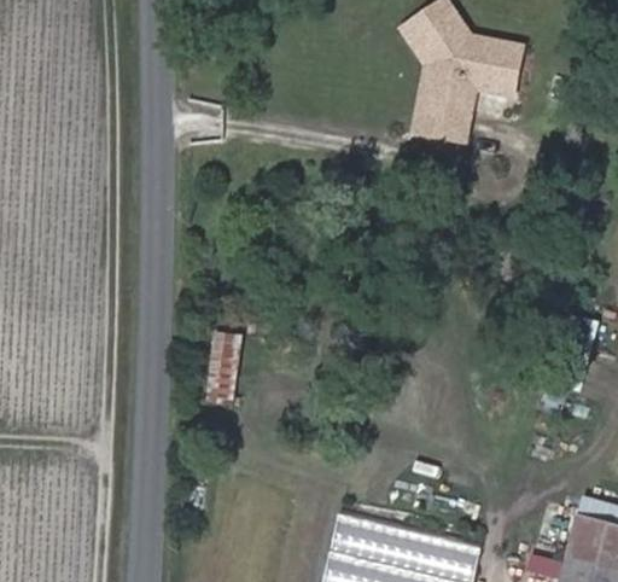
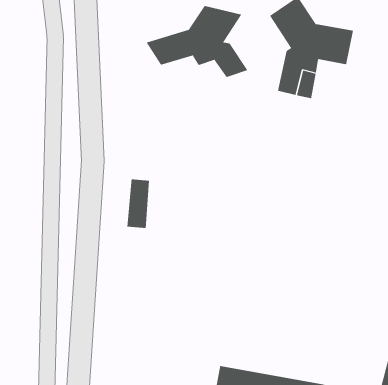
building: none -> [146,5,248,78]
building: [209,331,241,400] -> [126,179,150,229]

